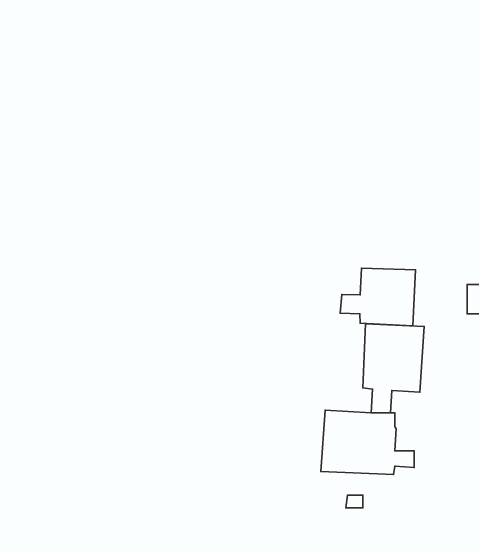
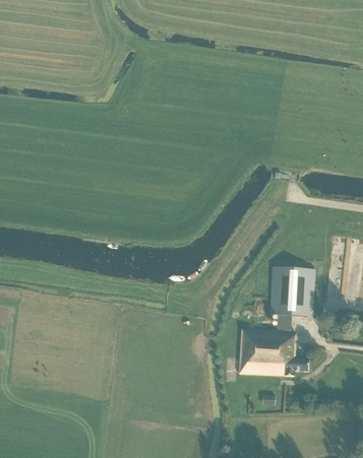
building: [340,268,416,326] -> none

